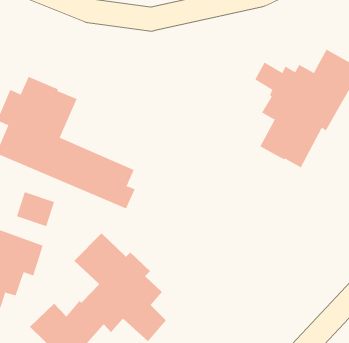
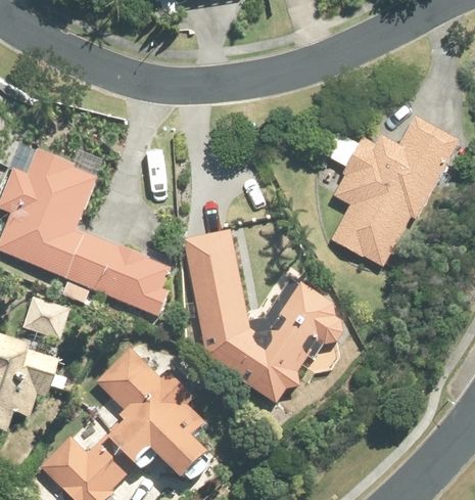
building: none -> [182,227,346,405]

